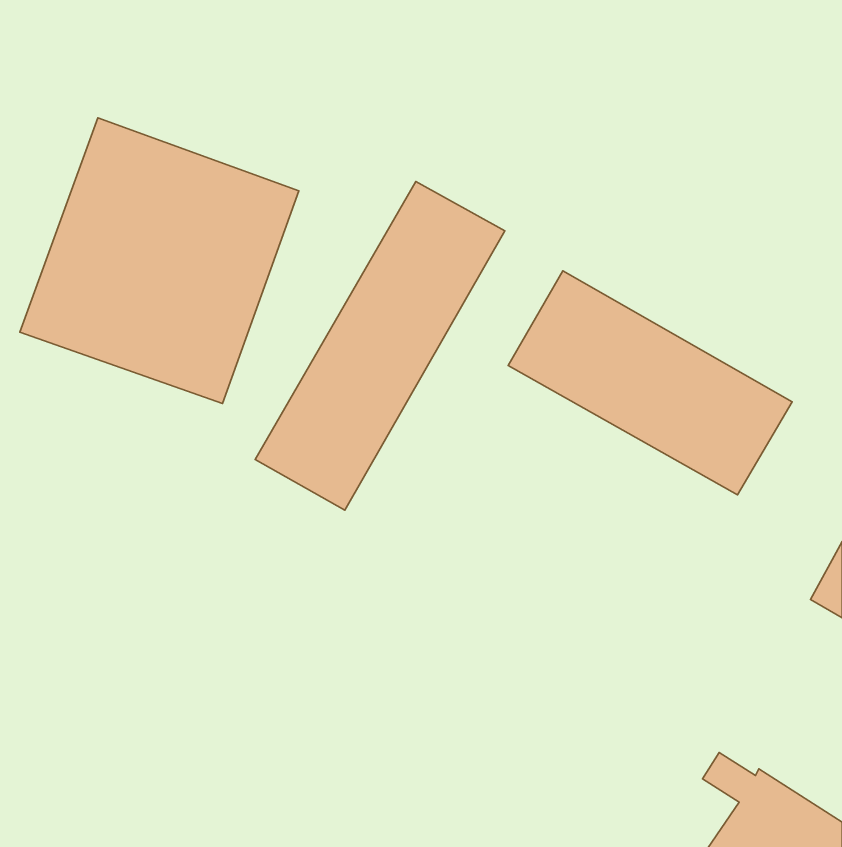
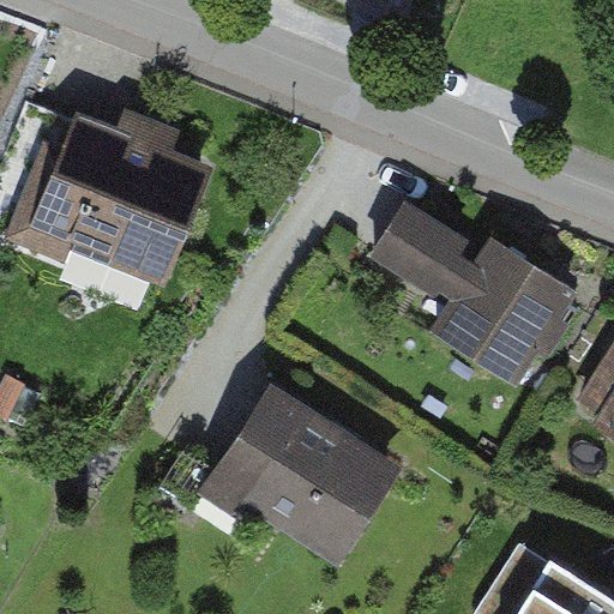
building: [255,182,505,510] -> none
building: none -> [195,389,396,584]

